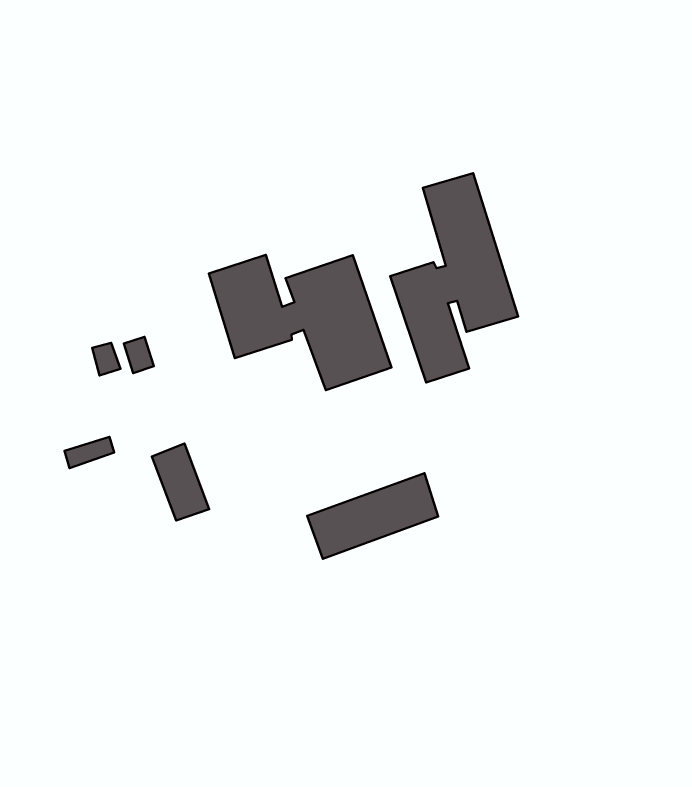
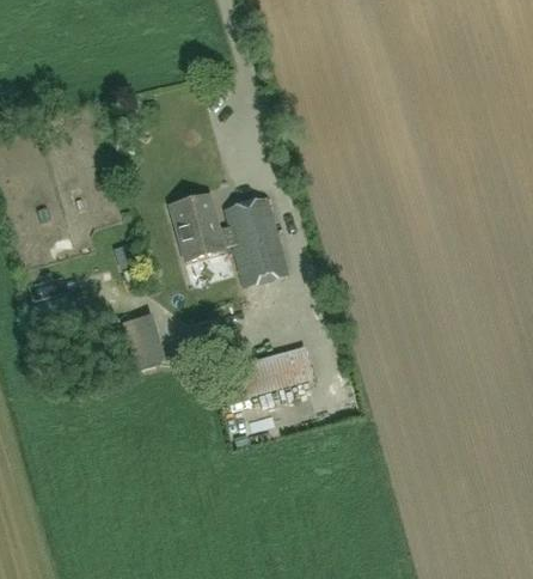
building: [390,173,518,383] -> none

